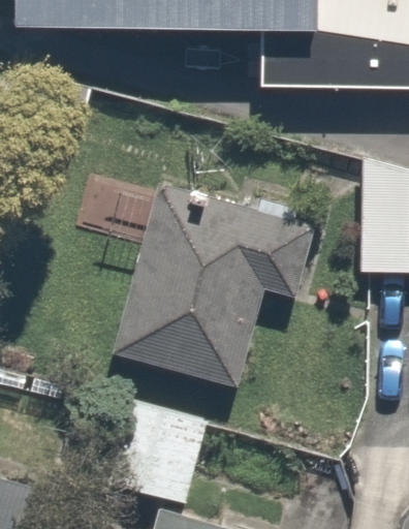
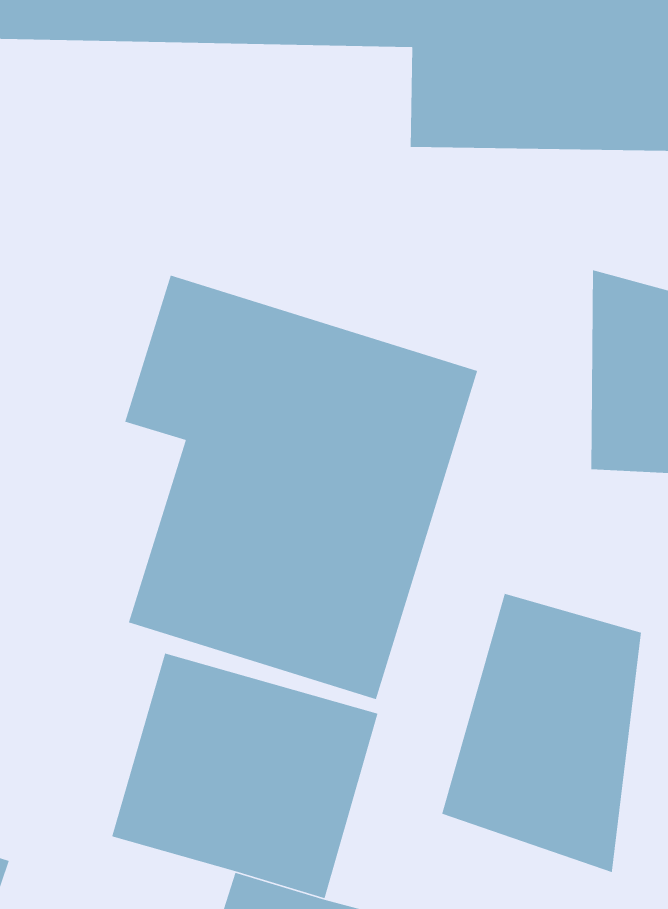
building: none -> [441,593,642,873]

